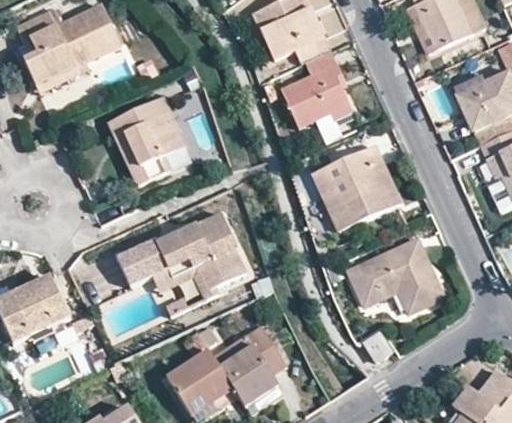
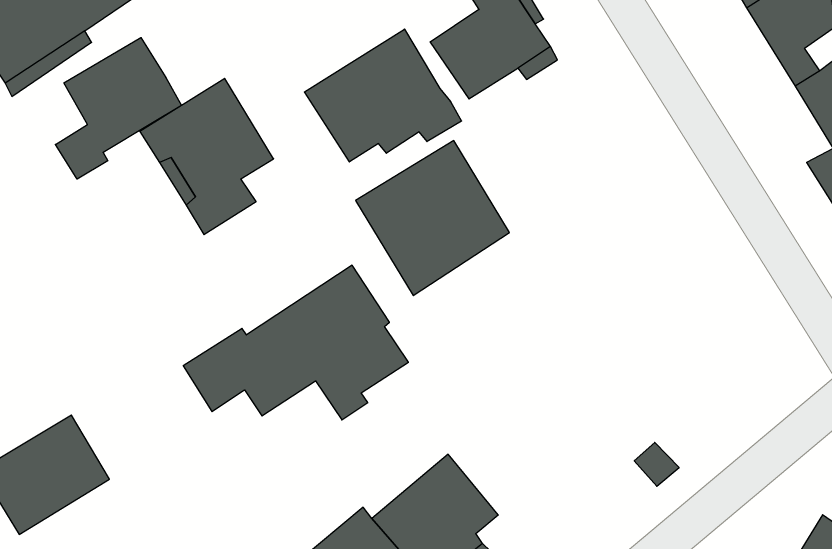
building: none -> [55,38,181,179]
building: none -> [304,29,462,162]
building: [313,146,398,231] -> [356,141,509,296]
building: [348,239,442,311] -> none

